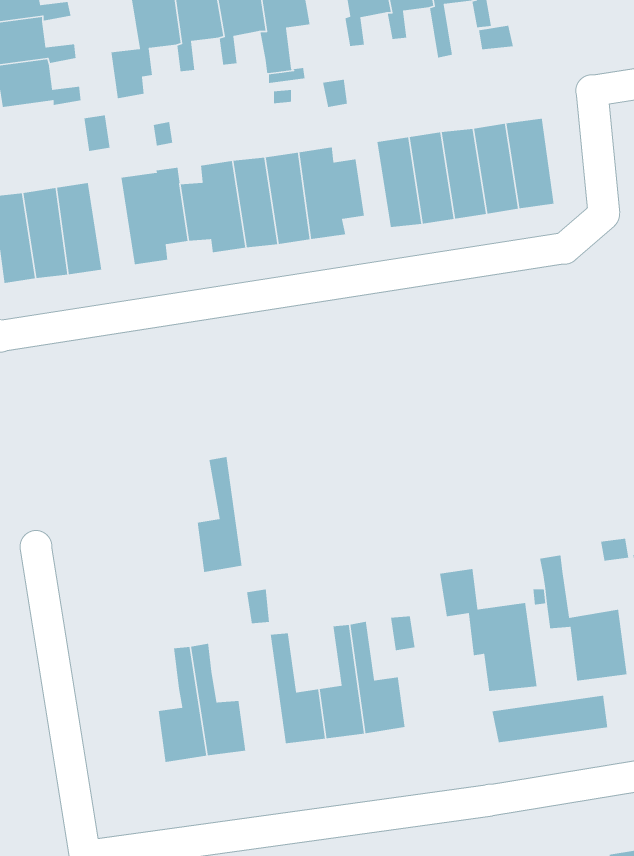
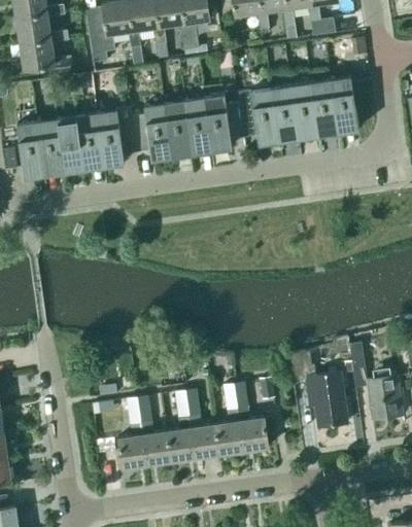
building: none -> [75,113,103,170]
building: [197,456,243,573] -> [167,391,195,462]
building: [492,695,608,743] -> none

